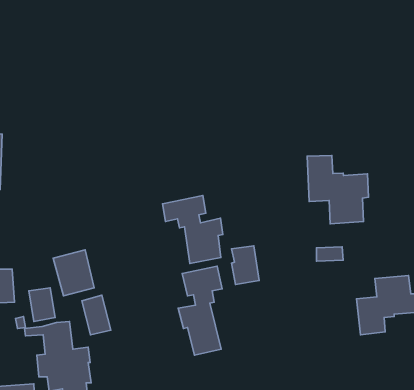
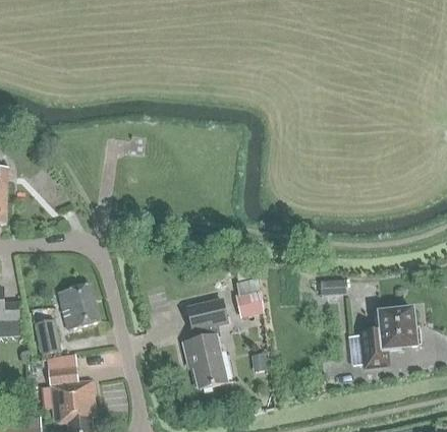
building: [307,156,369,224] -> none
building: [162,195,223,263] -> none
building: [82,295,111,335] -> none

